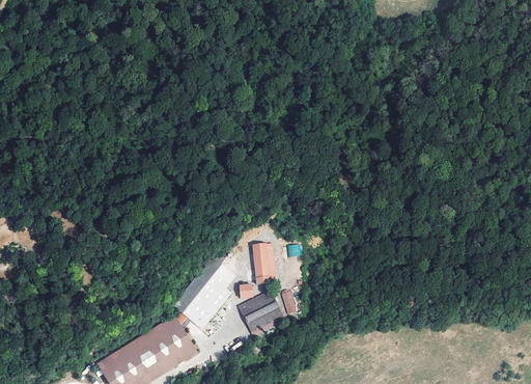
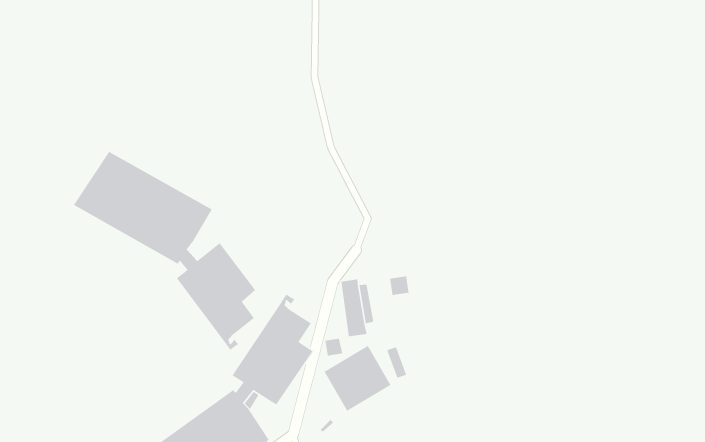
building: none -> [73,151,256,351]

